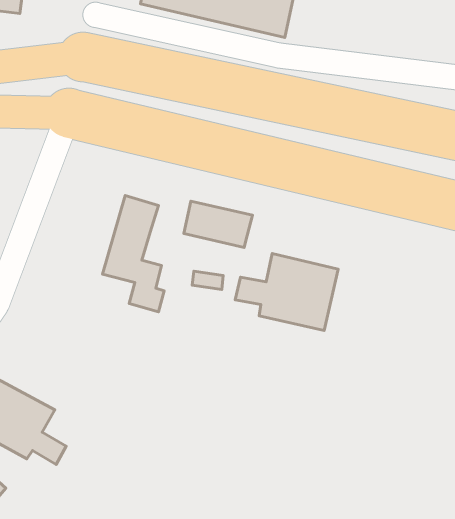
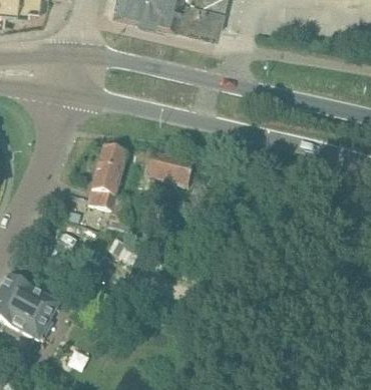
building: [235,254,338,330] -> none

